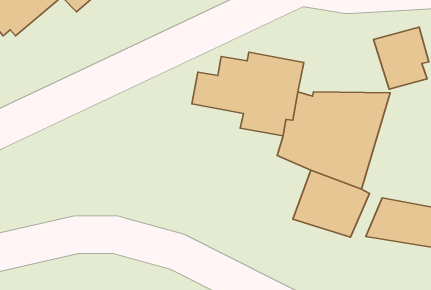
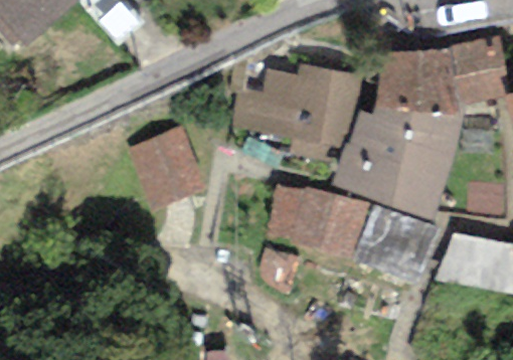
building: none -> [374,48,464,111]
building: none -> [129,126,205,209]
building: none -> [266,183,371,258]

